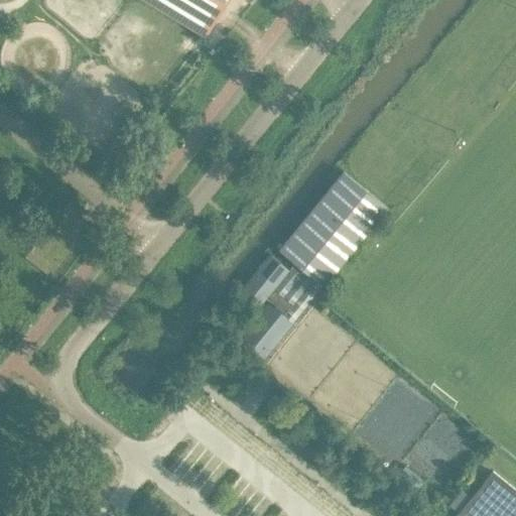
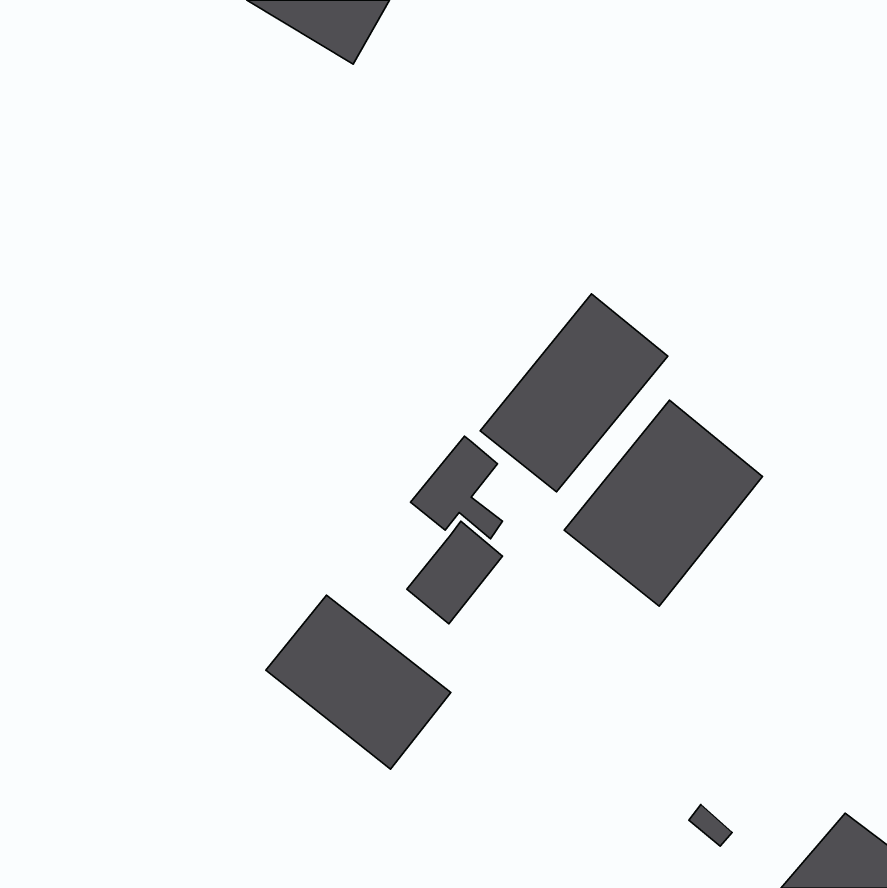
building: none -> [564,400,762,606]
building: none -> [266,595,451,769]

